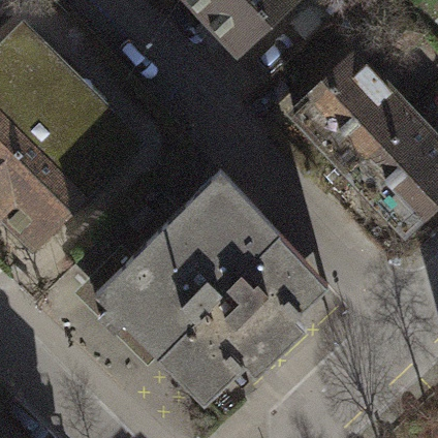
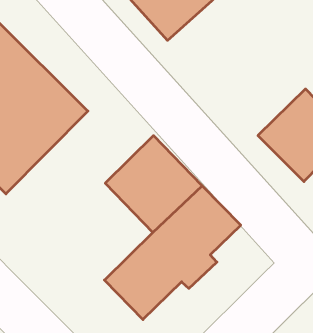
building: [293,56,410,173] -> none
building: [96,232,218,354] -> none

